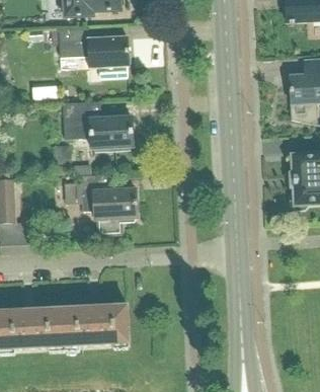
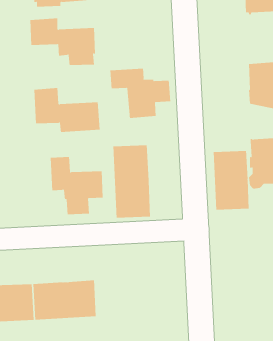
building: none -> [110,68,171,119]
building: none -> [113,145,151,218]
building: none -> [213,150,249,210]

